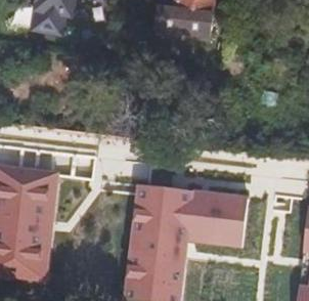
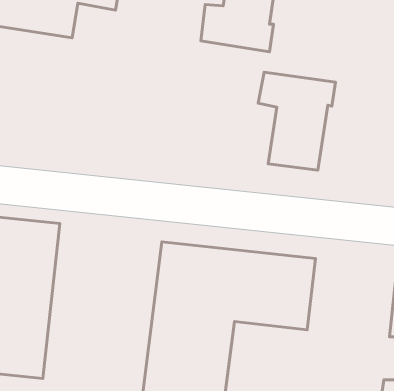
building: none -> [258,72,336,170]

